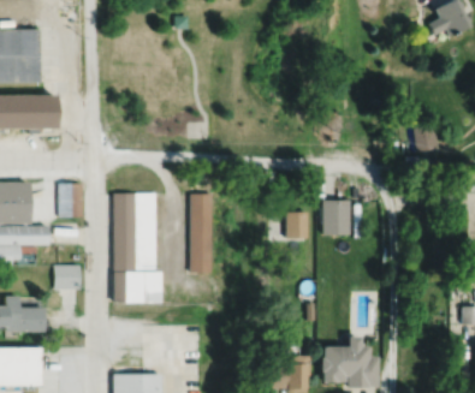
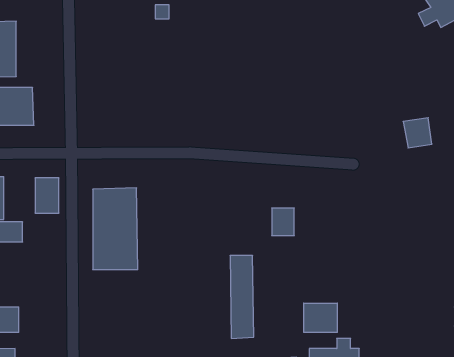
building: [190,193,213,273] -> [230,256,254,338]
building: [323,200,351,234] -> none
building: [54,264,81,288] -> none
building: [114,270,161,302] -> none
building: none -> [304,303,337,332]

